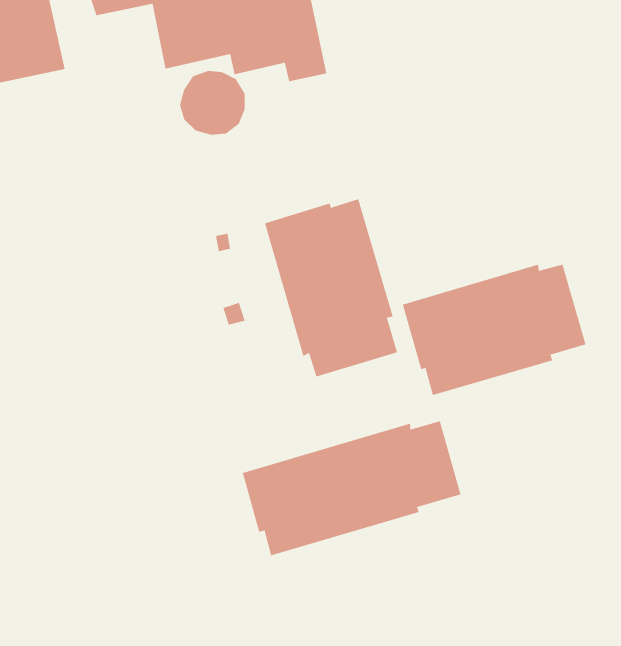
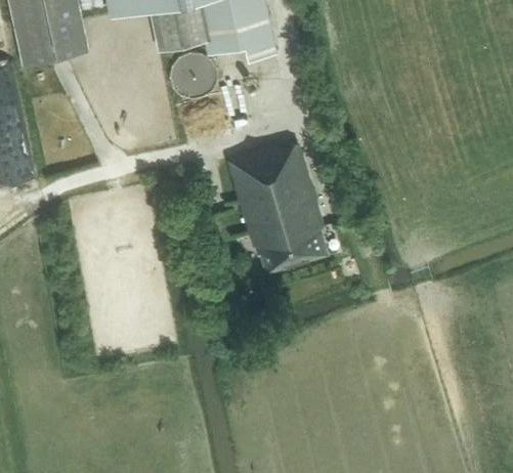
building: [402,264,586,396] -> none
building: [242,421,461,556] -> none

